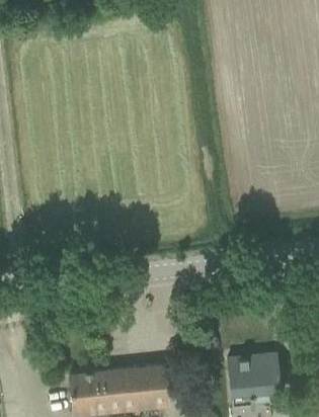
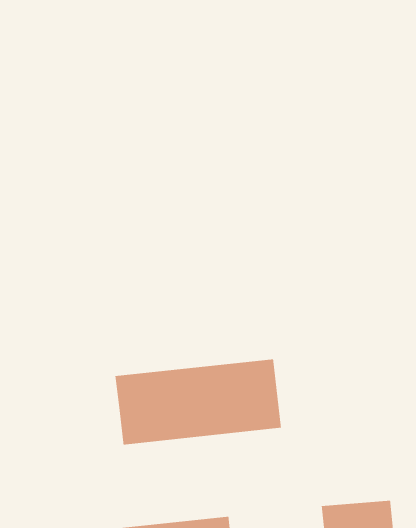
building: none -> [115,359,282,445]

